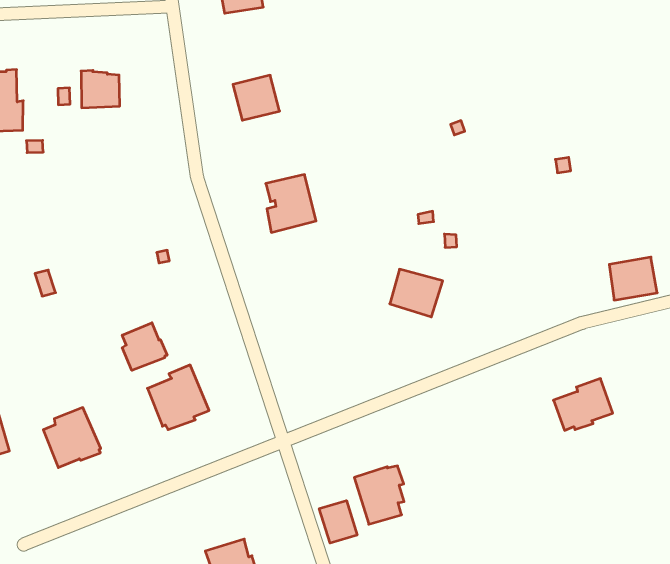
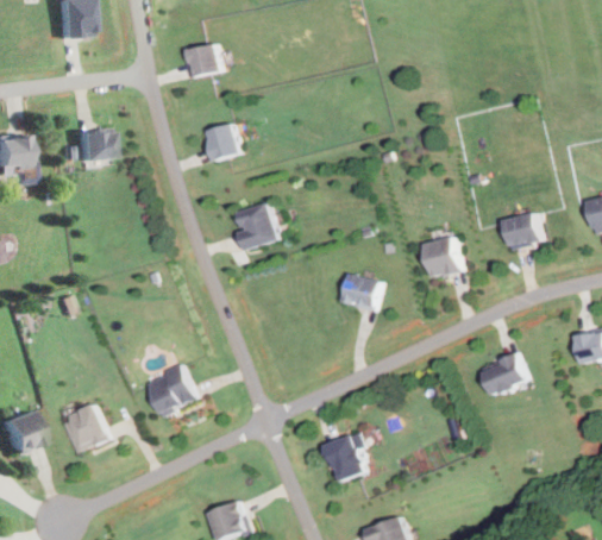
building: none -> [420,234,463,276]
building: [609,257,657,300] -> [503,212,544,249]
building: [122,323,167,370] -> none
building: [319,501,357,543] -> none

